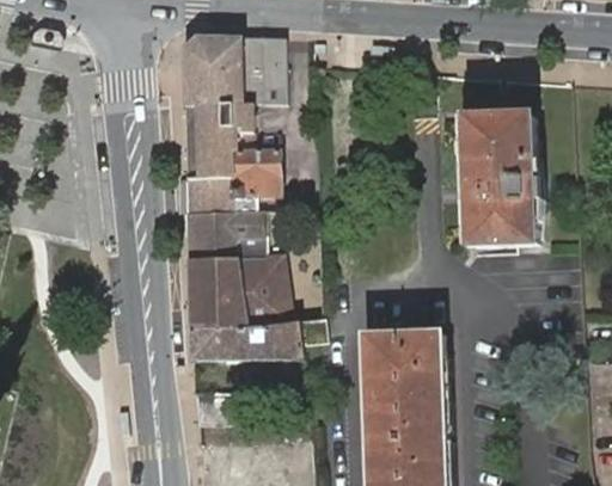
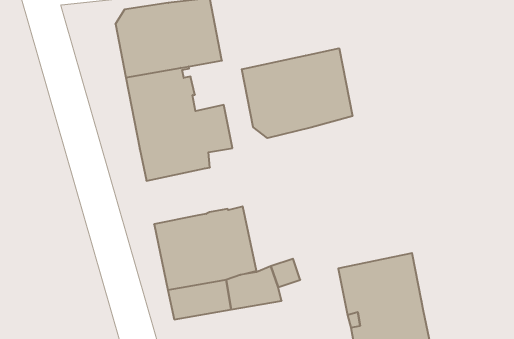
building: none -> [242,48,352,138]
building: [461,117,540,246] -> none
building: [184,210,261,258] -> none

